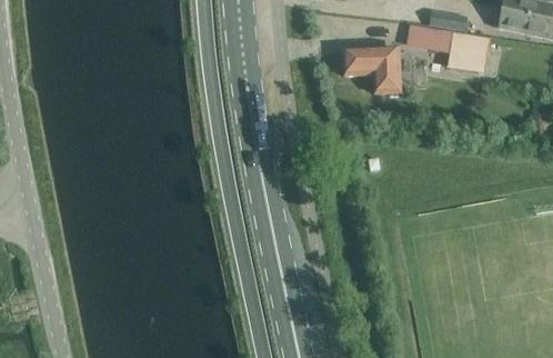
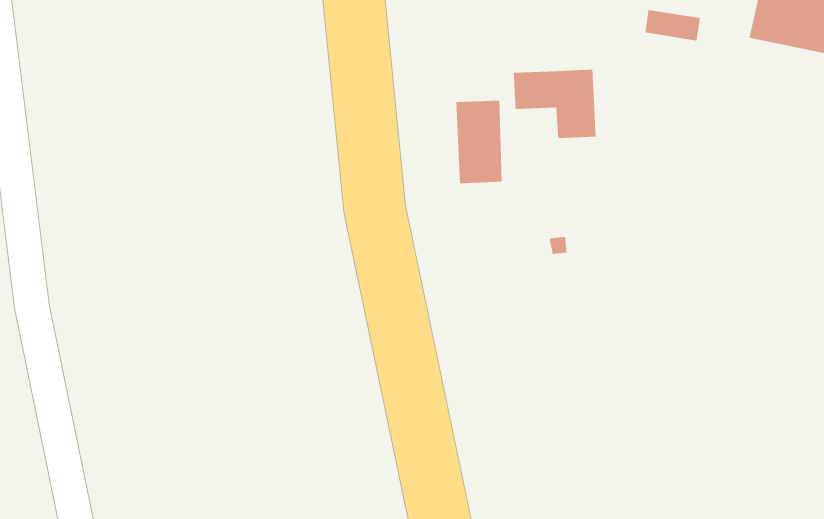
building: [409,24,482,71] -> none
building: none -> [455,100,502,184]

